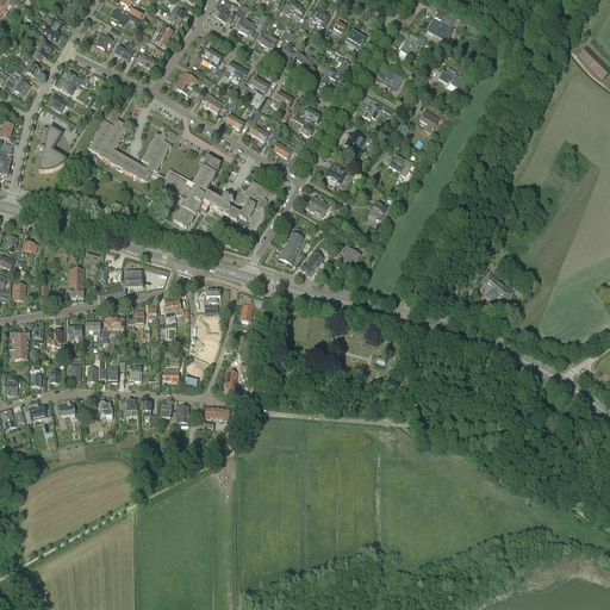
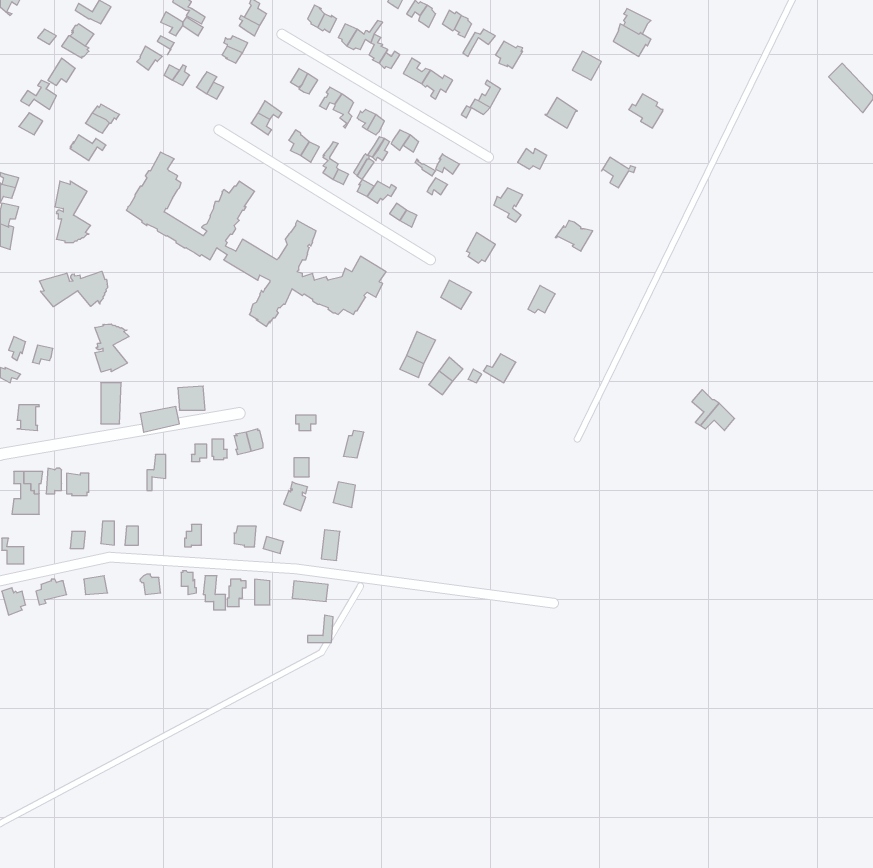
building: none -> [40,271,108,307]
building: none -> [95,324,129,372]

